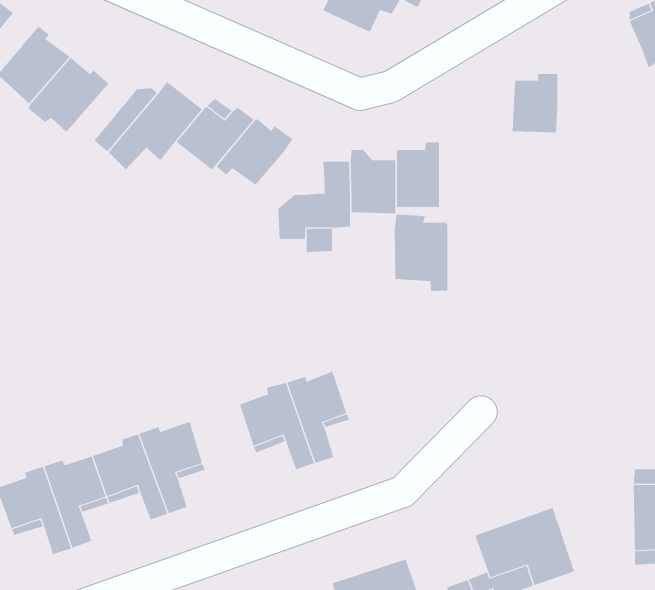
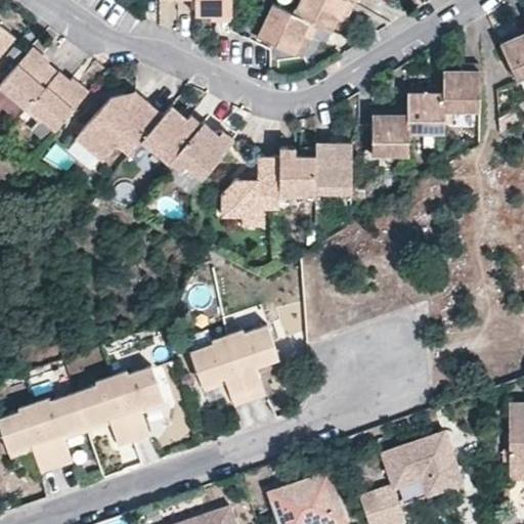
building: none -> [445,66,481,113]
building: none -> [374,110,409,158]
building: [394,214,448,292] -> none

